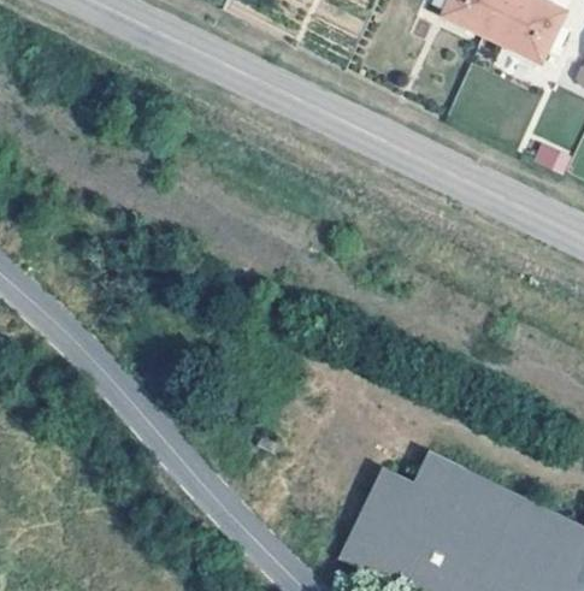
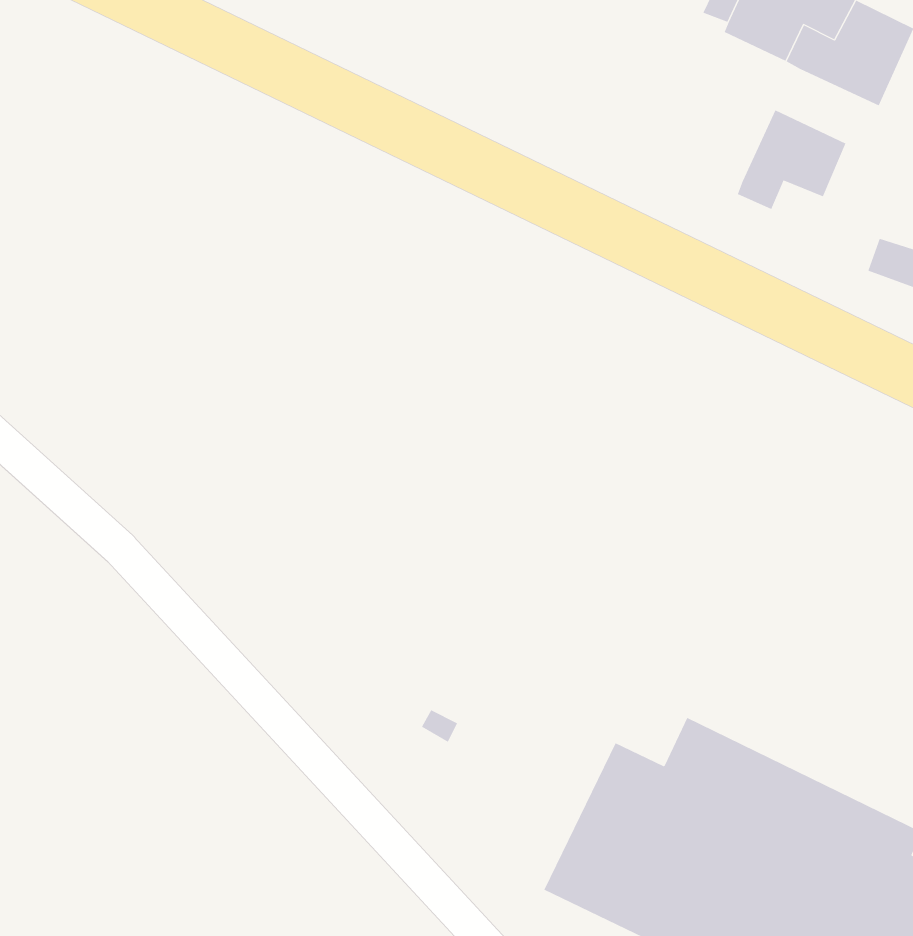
building: none -> [737,110,846,210]

